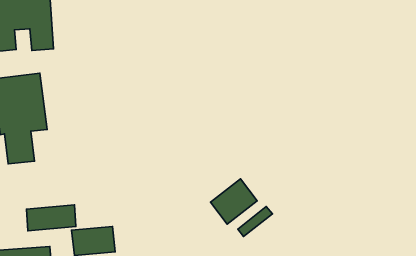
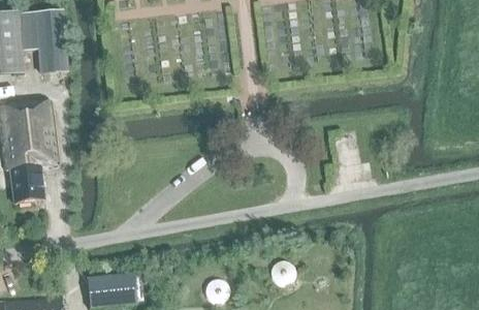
building: [211,179,257,224] -> none
building: [26,205,76,231] -> none

